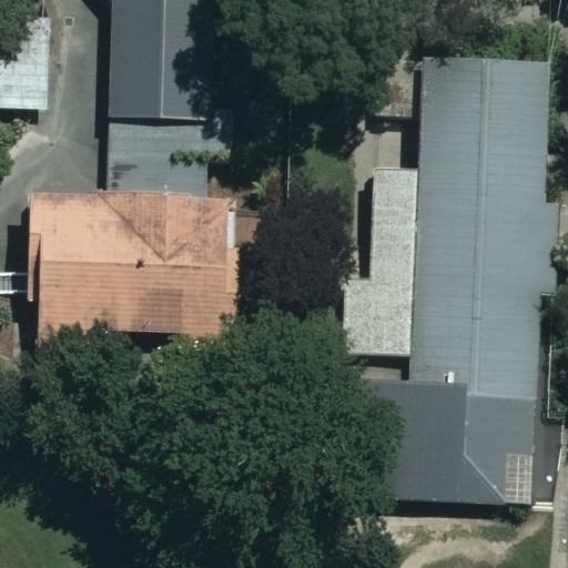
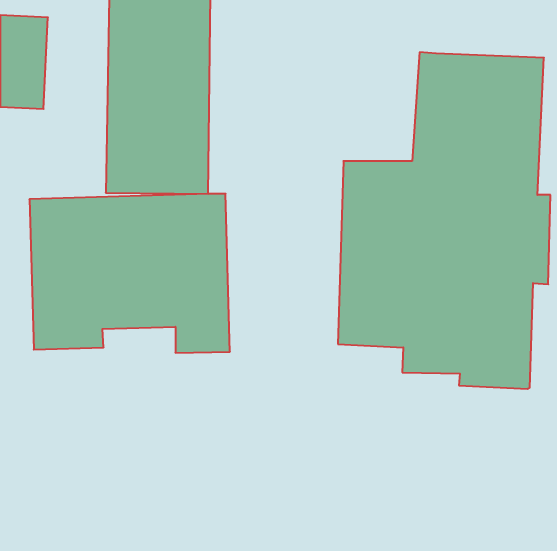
building: [364,378,537,500] -> none

